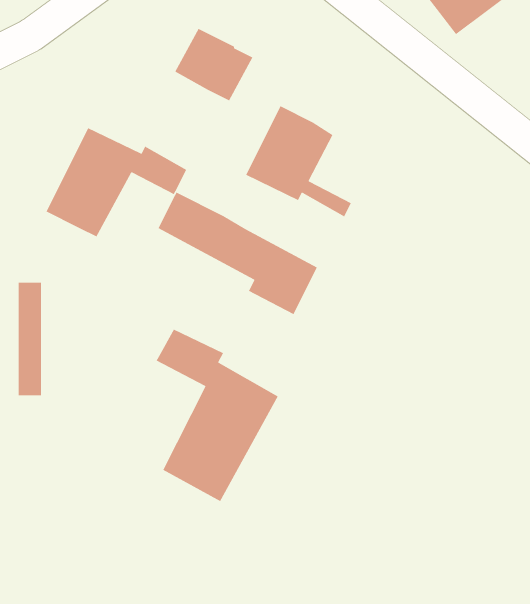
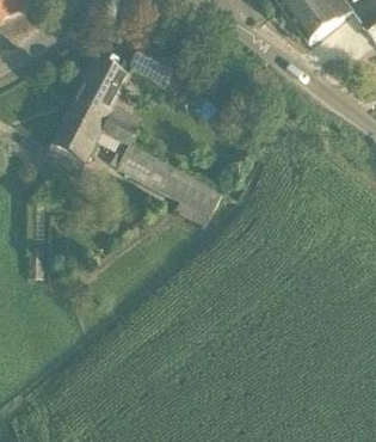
building: [245,105,352,218] -> [73,55,142,128]
building: [156,329,279,502] -> none

